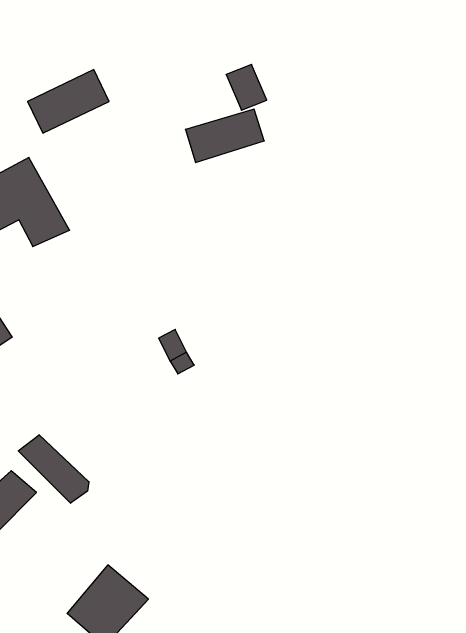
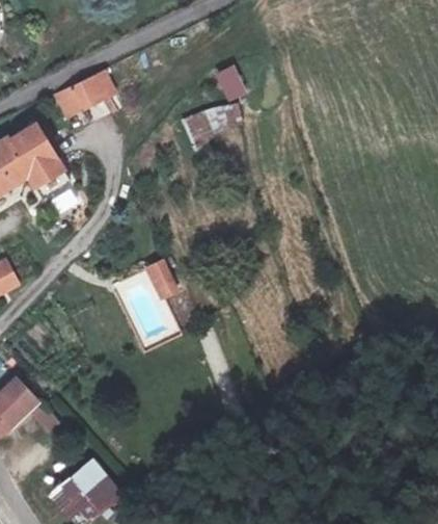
building: [18,435,89,503] -> none

